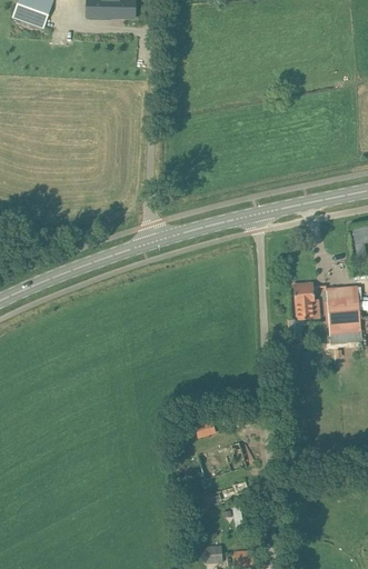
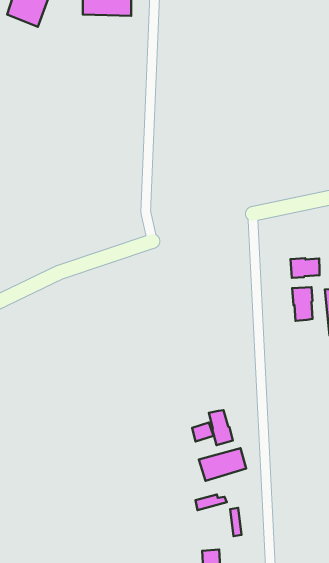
building: none -> [290,258,320,278]
building: none -> [209,410,233,445]

